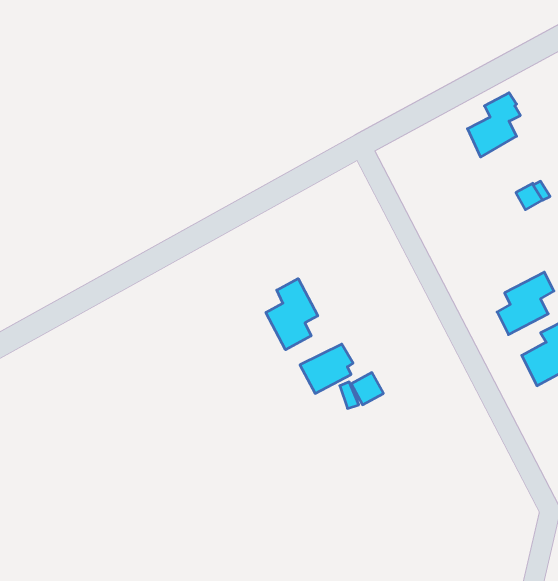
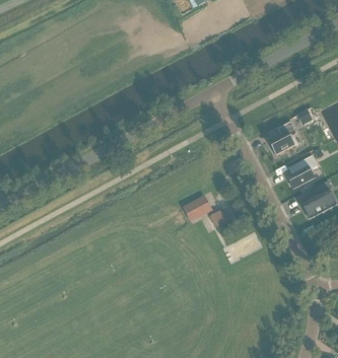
building: [467,93,520,157] -> [267,120,295,154]
building: [266,279,318,350] -> none

